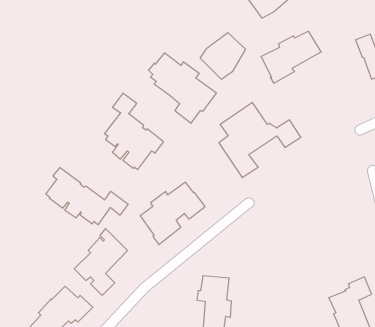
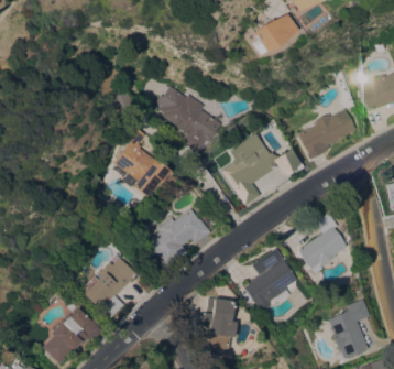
building: [261,31,321,83] -> [300,109,358,159]
building: [200,33,245,79] -> none
building: [46,168,128,225] -> none
building: none -> [299,213,348,273]
building: none -> [245,248,298,310]

